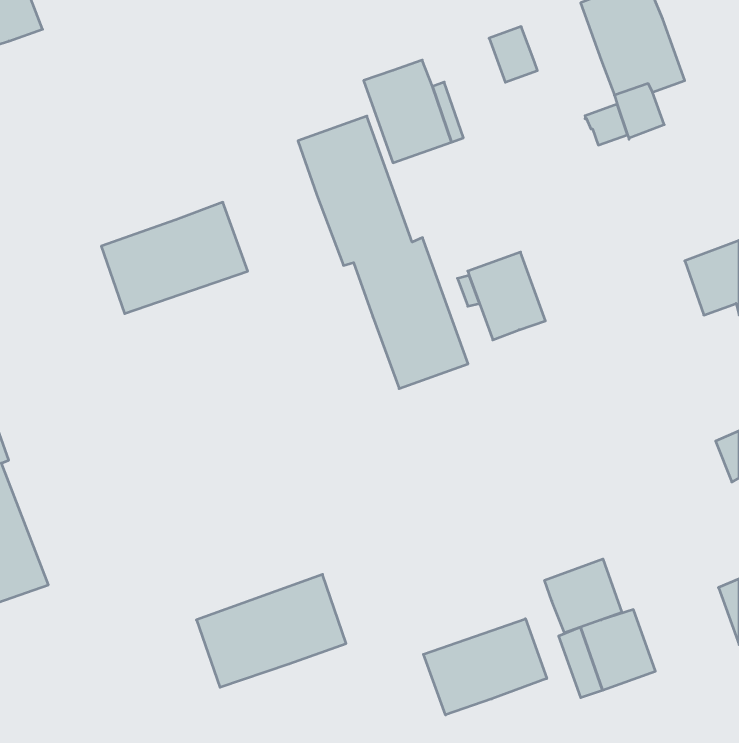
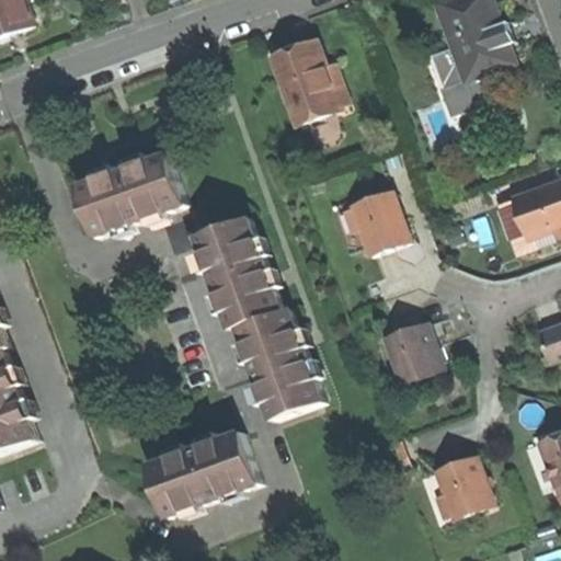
building: [489,27,537,82] -> [425,45,461,87]
building: [298,116,468,389] -> [196,215,323,419]
building: none -> [382,320,438,376]
building: [545,559,622,633] -> none
building: [423,619,547,715] -> none

